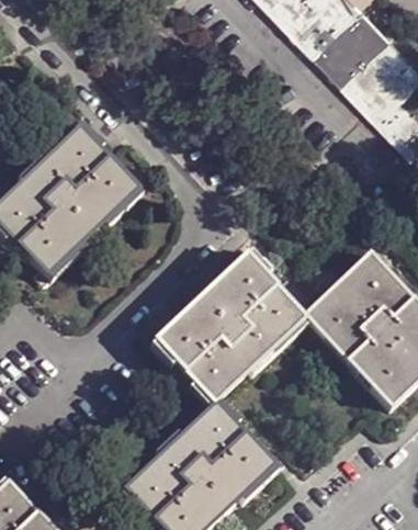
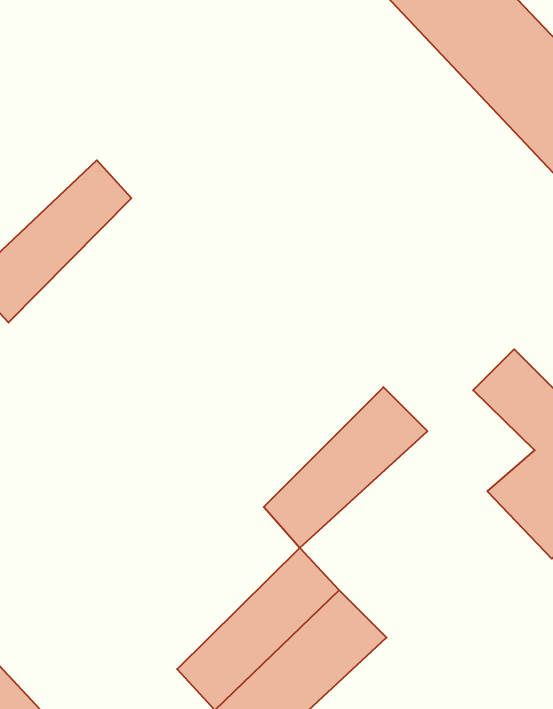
building: [13,157,131,275] -> none
building: [162,259,274,372] -> none
building: [305,291,380,361] -> none

